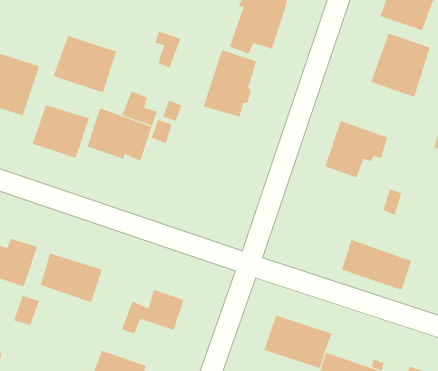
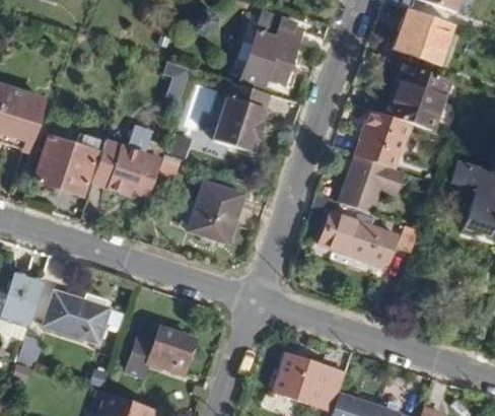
building: [53,35,117,93] -> none
building: none -> [354,110,411,169]
building: none -> [188,183,243,244]
building: [341,239,412,290] -> [320,213,393,266]

